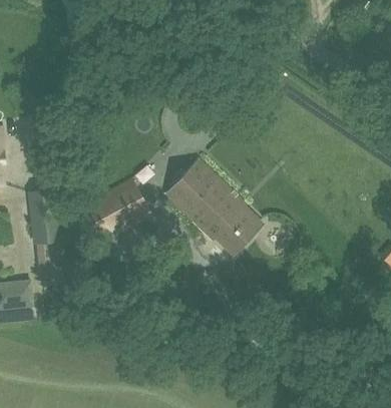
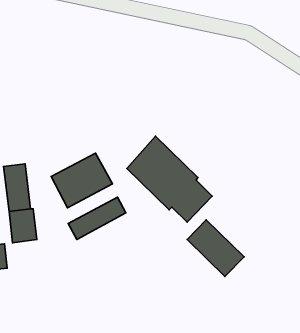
building: none -> [68,197,126,239]
building: none -> [187,220,244,276]

